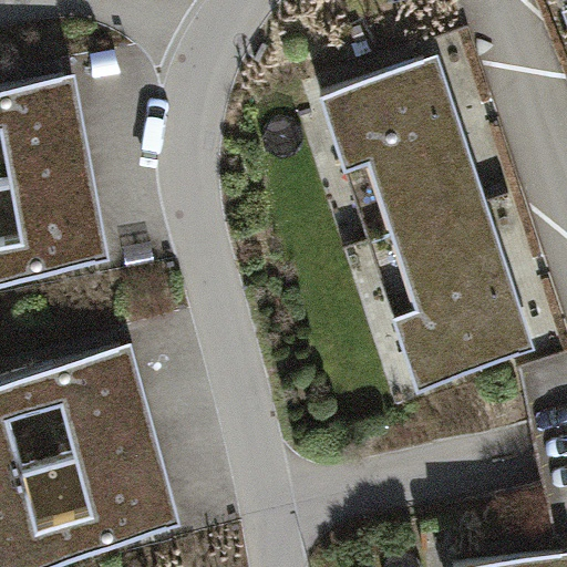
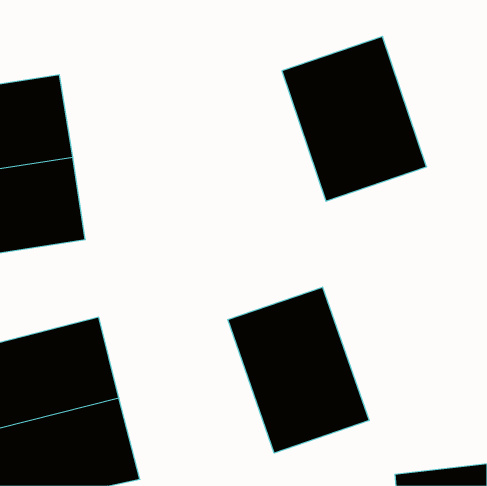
building: [377,193,545,382] -> none
building: none -> [228,287,369,453]

